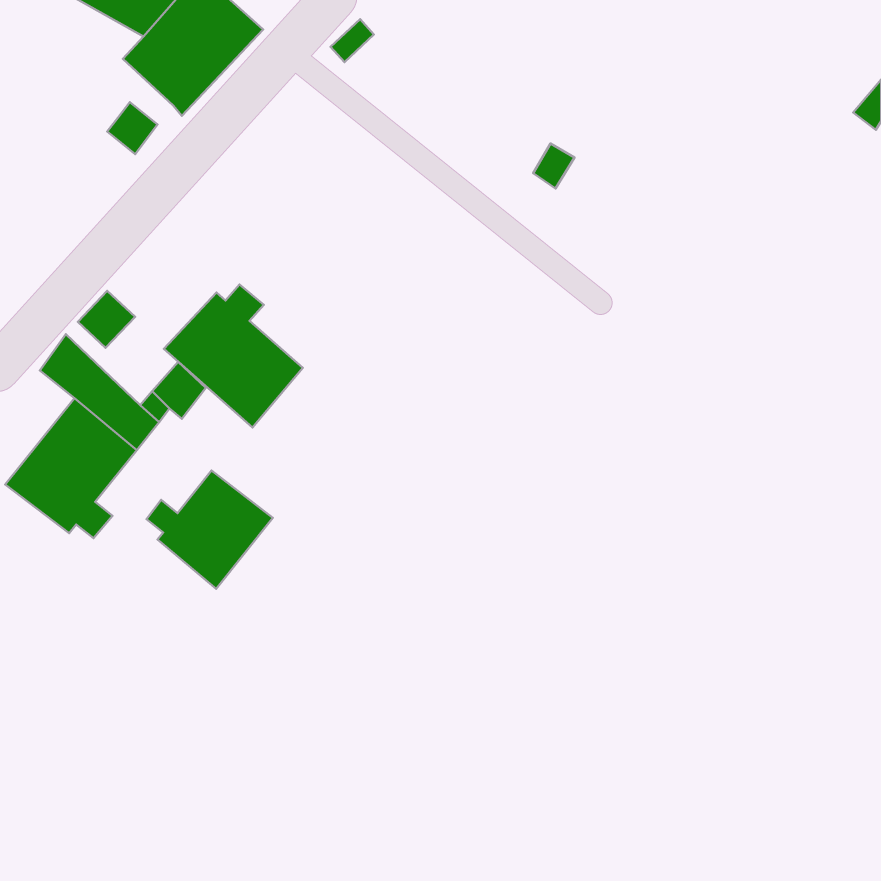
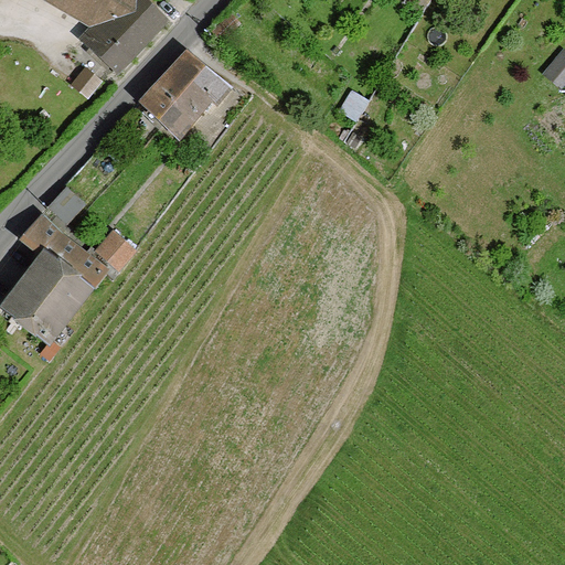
building: none -> [141,54,221,138]
building: [164,284,303,427] -> none
building: [147,471,273,589] -> none

